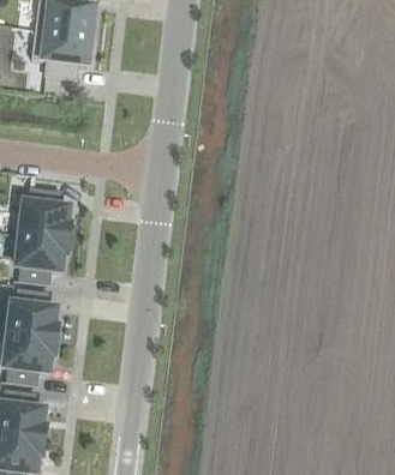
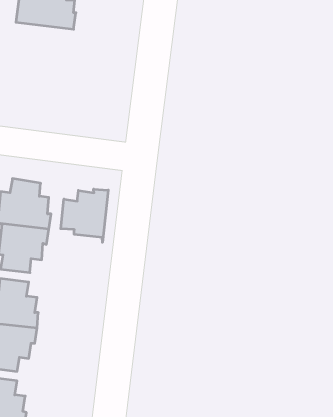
building: [32,30,95,80] -> none
building: none -> [61,189,108,242]

